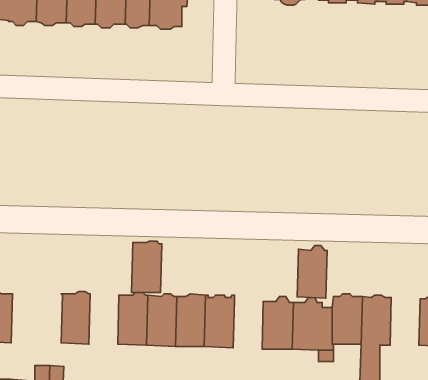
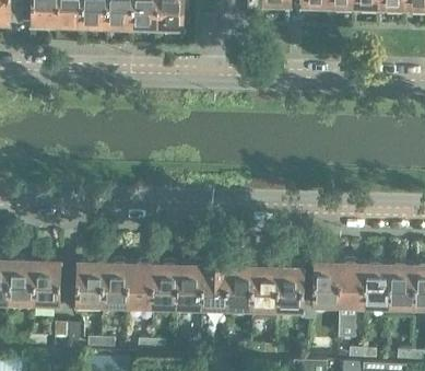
building: [132,241,162,293] -> [102,260,128,305]
building: [297,245,327,298] -> [227,264,253,310]
building: none -> [34,258,61,305]
building: none -> [364,263,390,306]

